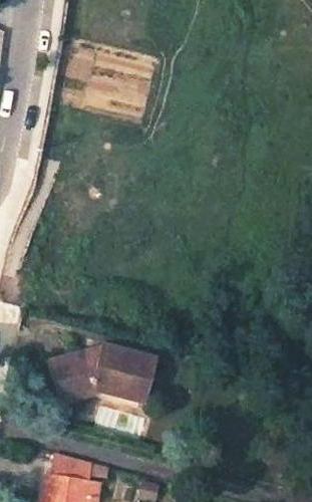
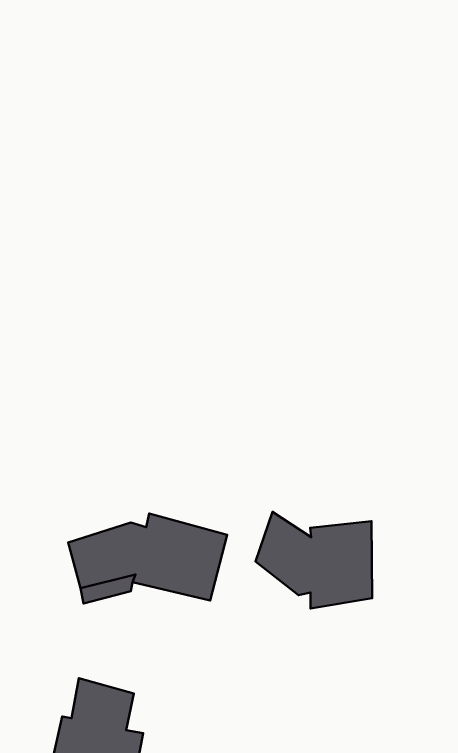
building: none -> [255,512,372,609]

